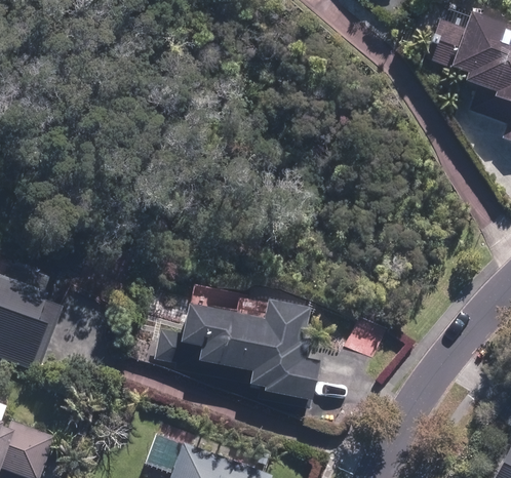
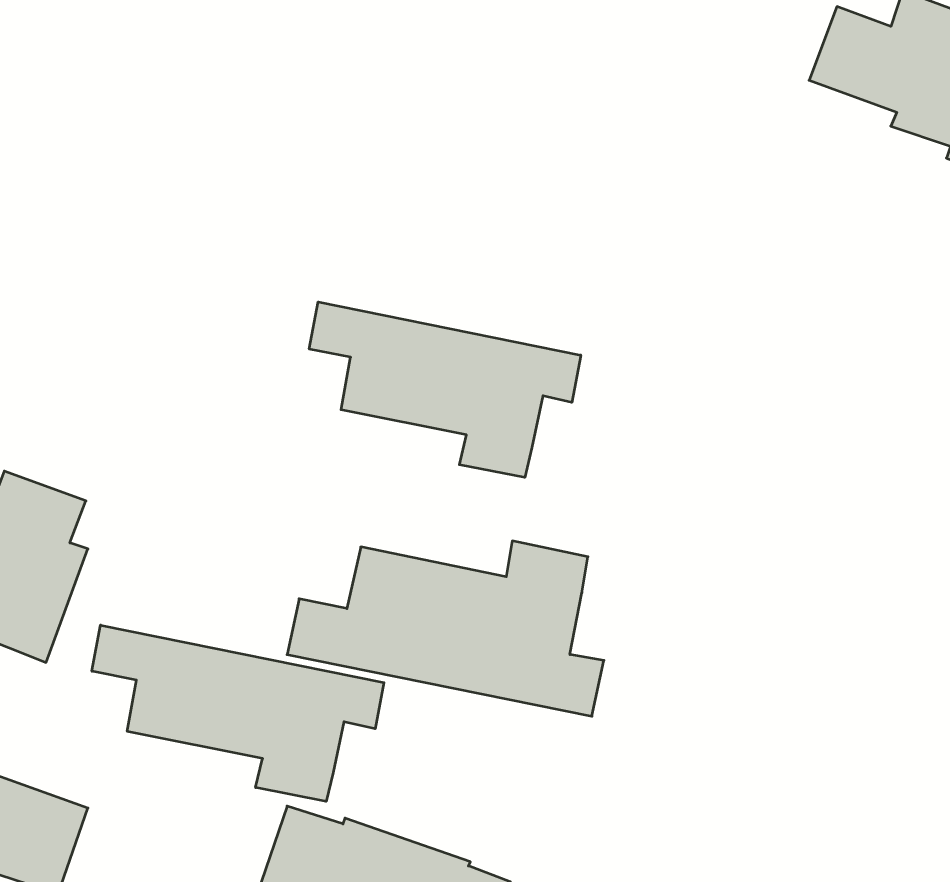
building: none -> [309,302,581,477]
building: none -> [92,625,384,801]

